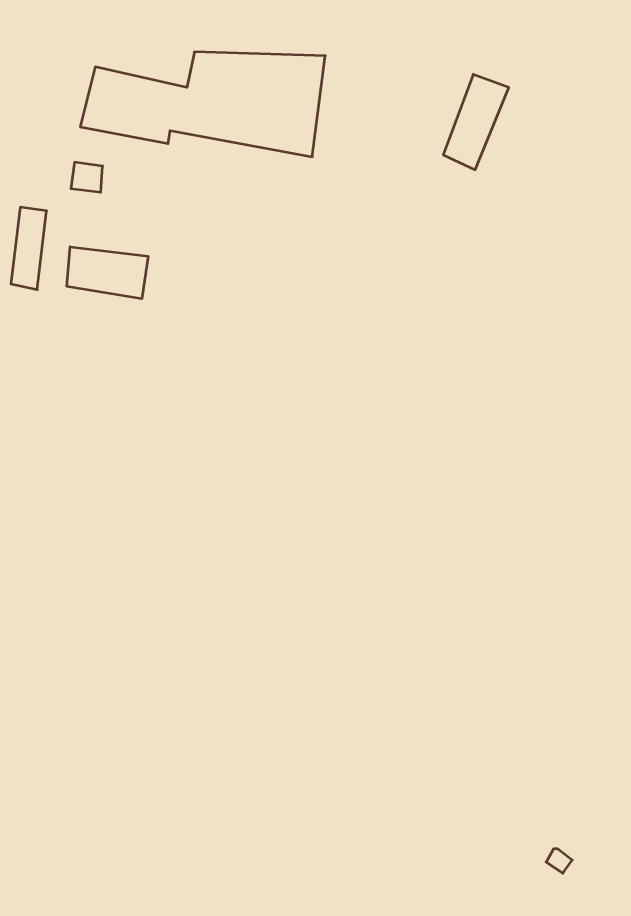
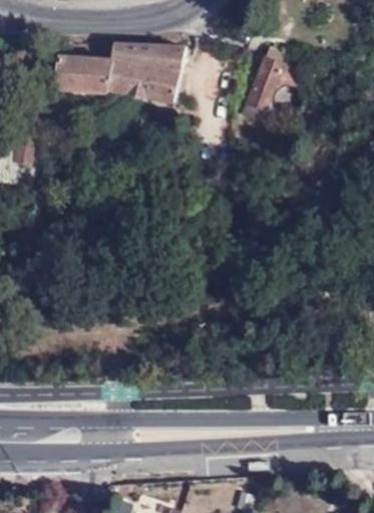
building: [67,247,148,299] -> none

